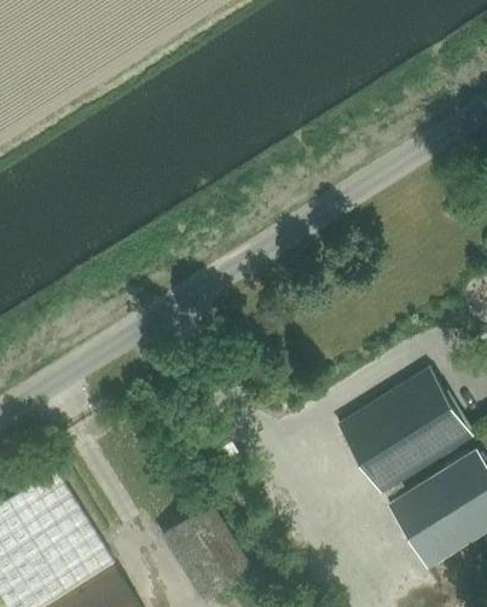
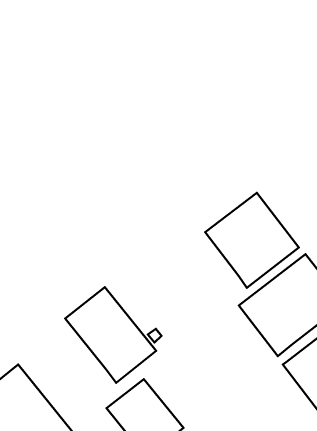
building: none -> [205,193,299,288]
building: none -> [65,287,156,383]

